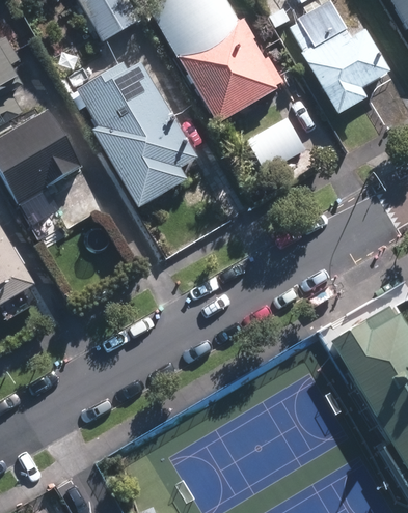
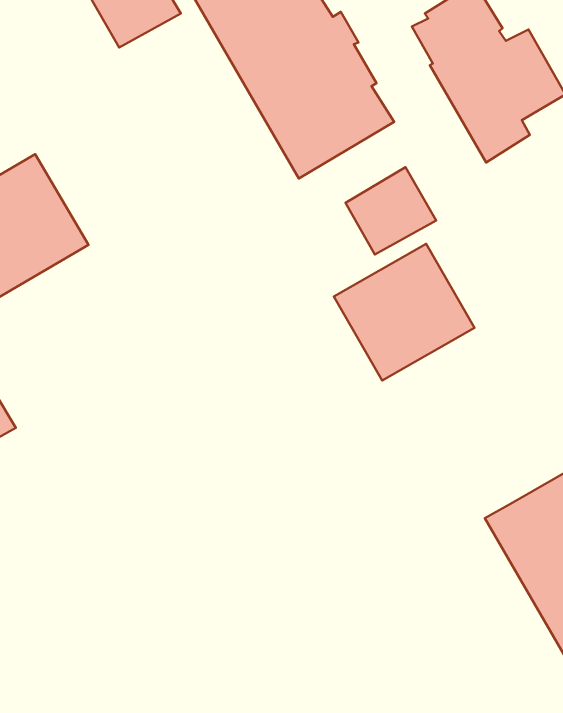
building: [76,61,195,207] -> none
building: none -> [334,244,475,380]

